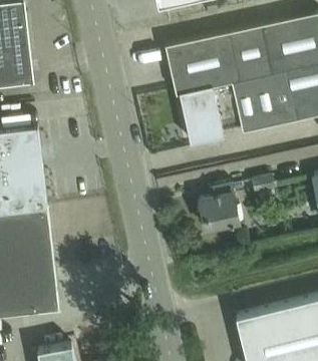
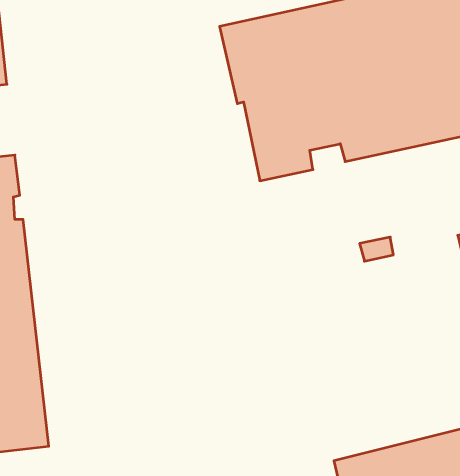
building: [199,189,239,232] -> none

